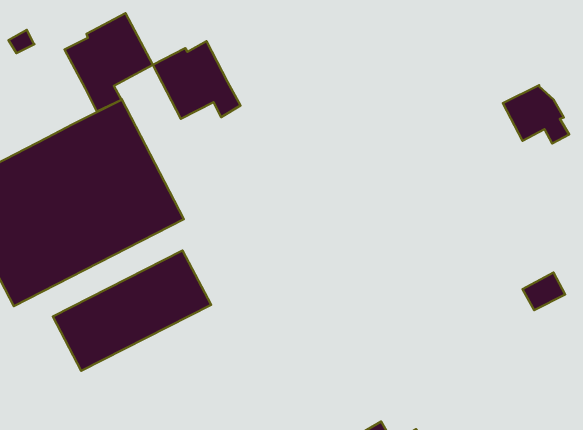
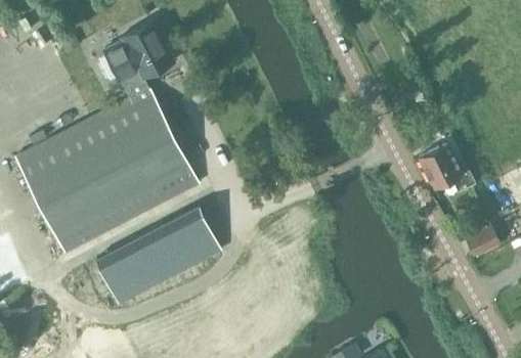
building: [153,41,241,119] -> none
building: [503,85,569,143] -> [419,143,471,189]

